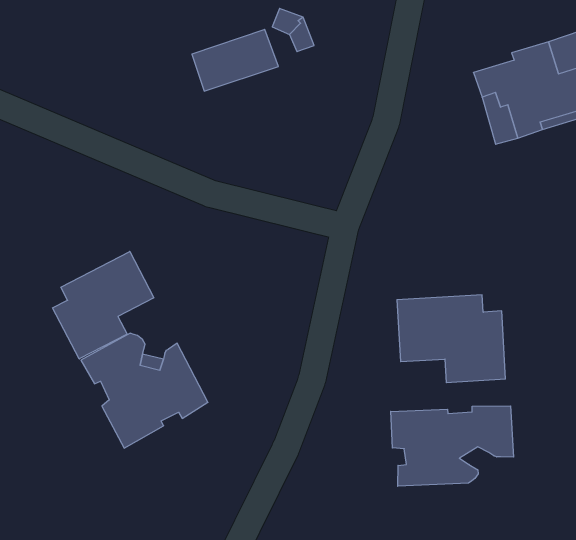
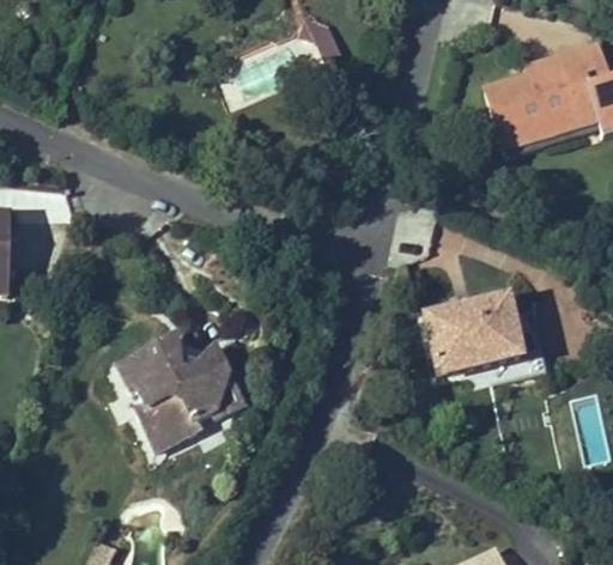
building: [53,251,154,359] -> none
building: [391,406,513,486] -> none

